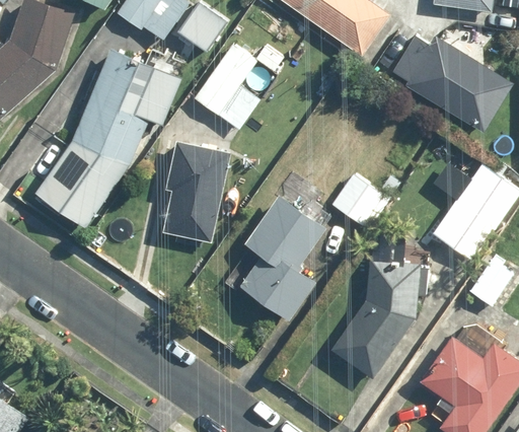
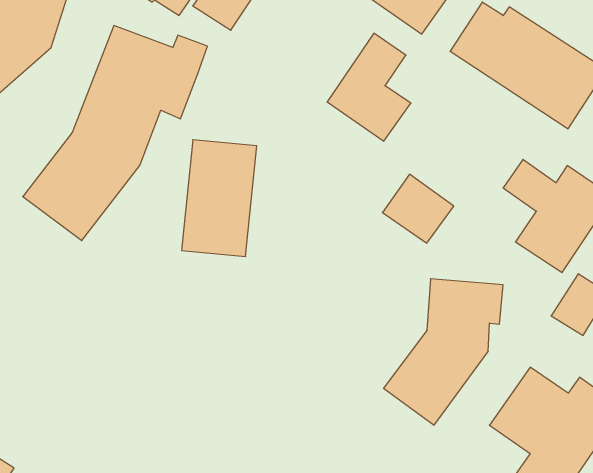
building: [193,43,262,132] -> [327,33,411,141]
building: [238,196,325,322] -> none

